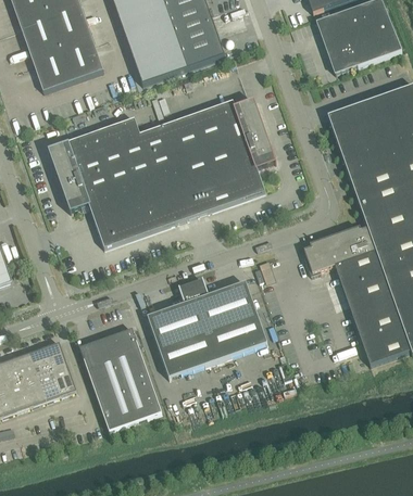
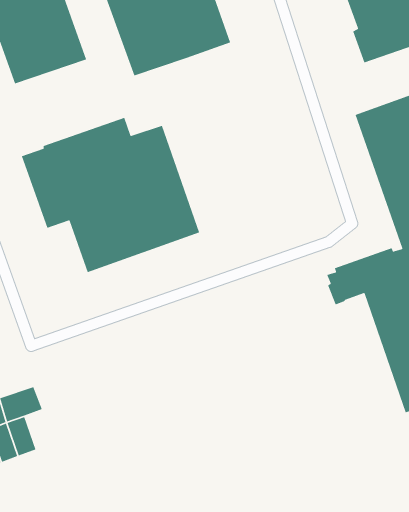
building: [166,99,276,213] -> none
building: [147,280,267,377] -> none
building: [79,327,162,430] -> none
building: [51,360,76,394] -> none

